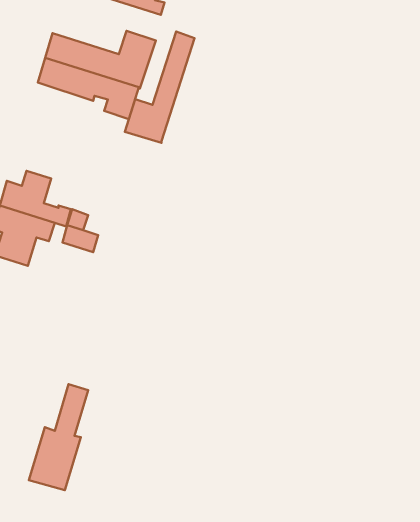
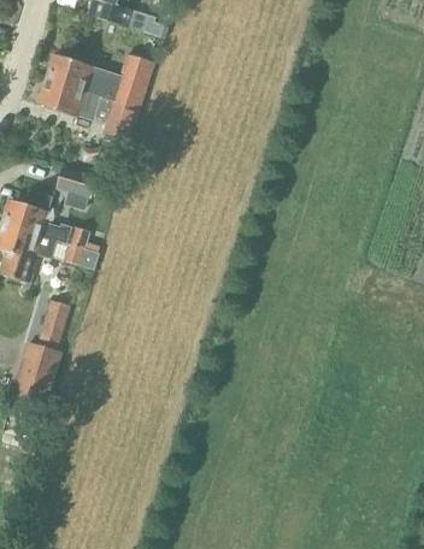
building: [125,32,194,143] -> none
building: none -> [57,165,96,199]
building: [29,384,88,490] -> [13,299,71,402]

